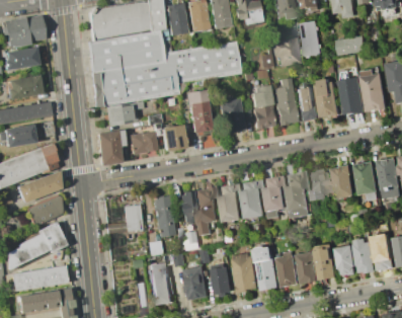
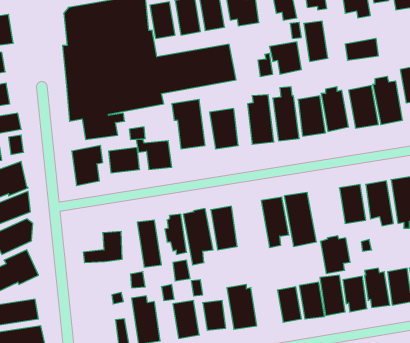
building: [308,168,334,202] -> [320,236,350,274]
building: [241,179,267,219] -> none
building: [258,257,280,291] -> none

